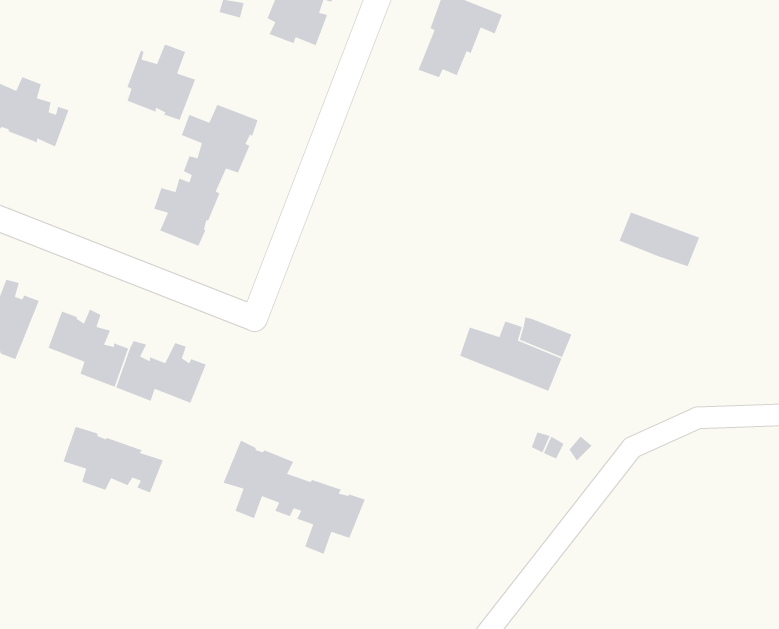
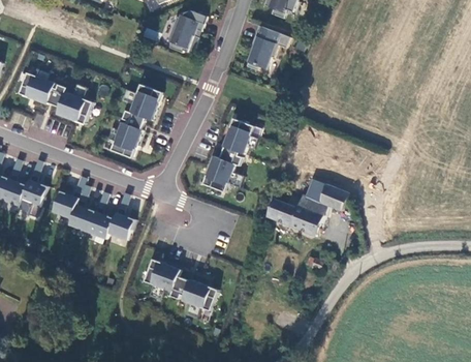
building: [127,43,196,121] -> [57,84,93,124]
building: none -> [202,118,257,192]
building: [619,211,700,267] -> [305,180,347,209]
building: [62,426,164,493] -> none

